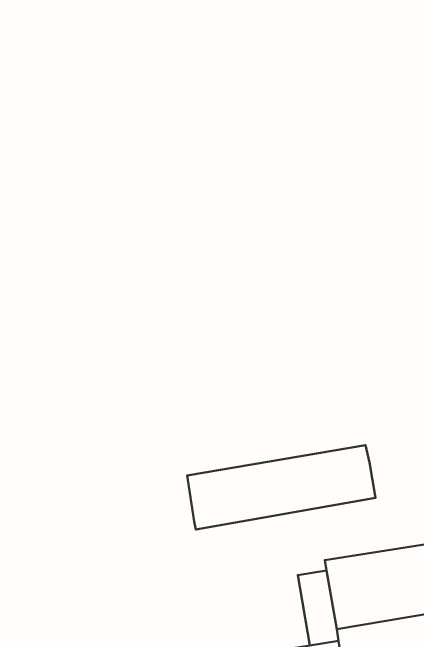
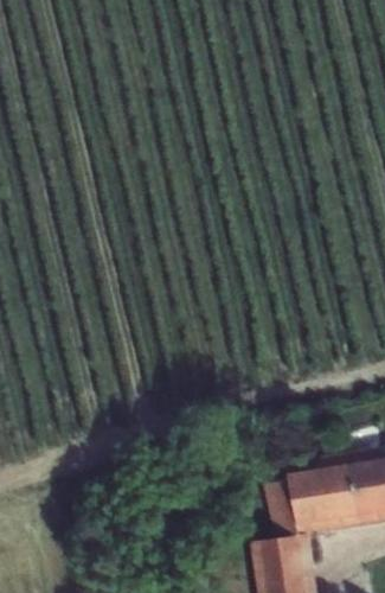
building: [187,445,375,530] -> none

